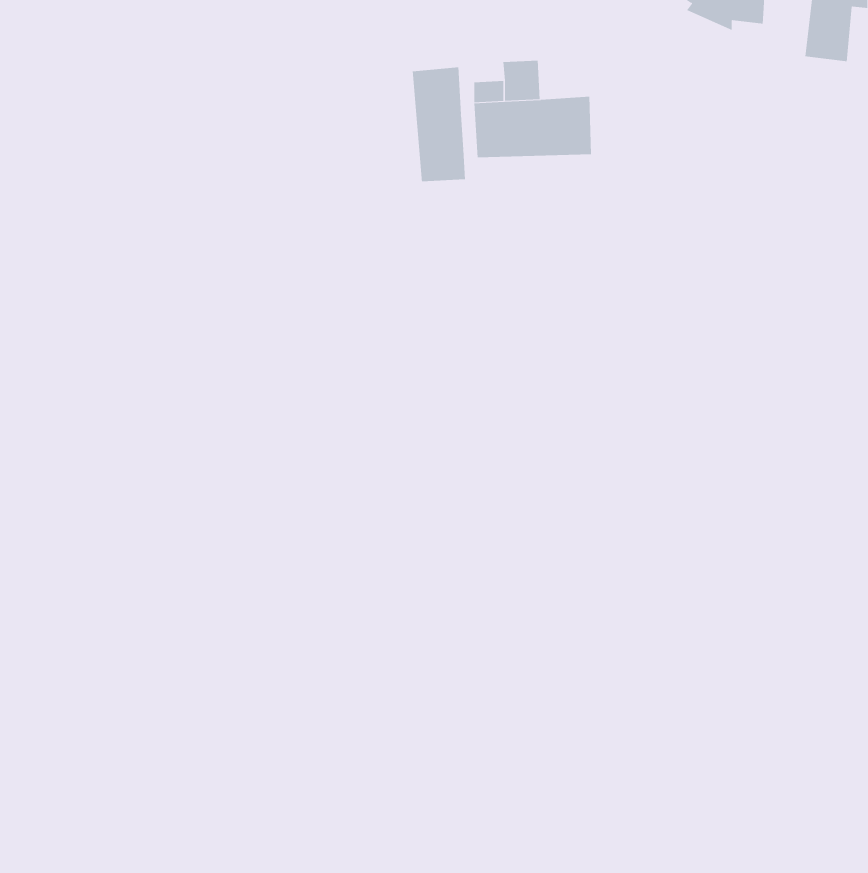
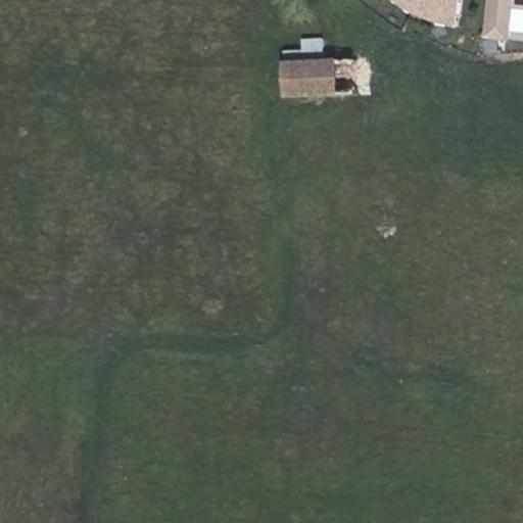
building: [412,66,466,182] -> none

